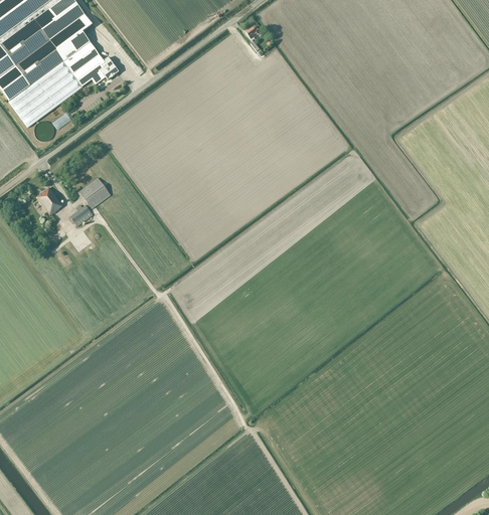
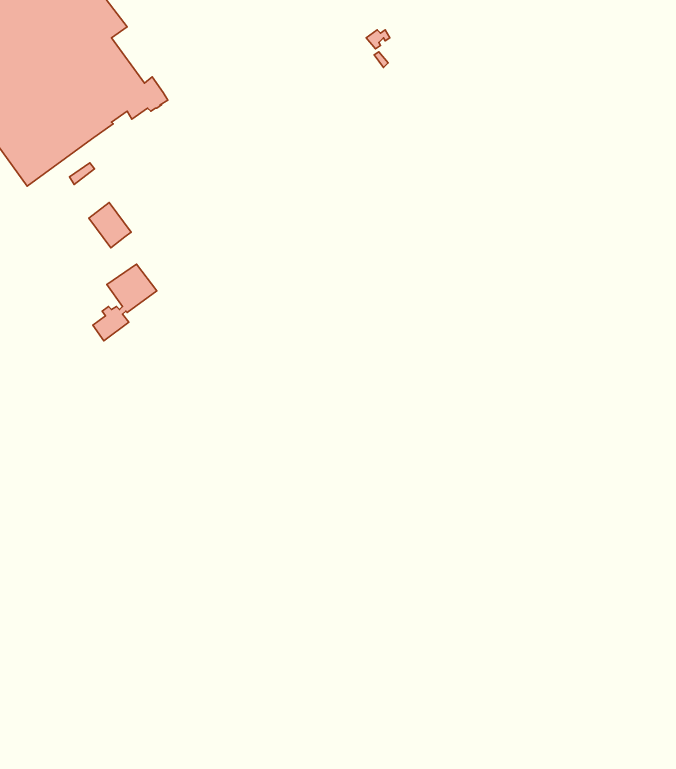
building: [35,185,62,214] -> [89,202,131,248]

